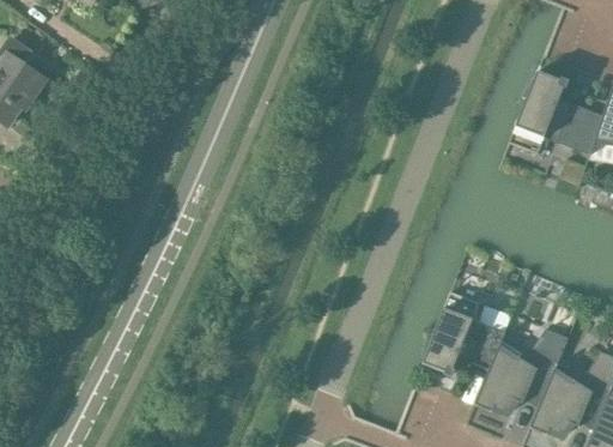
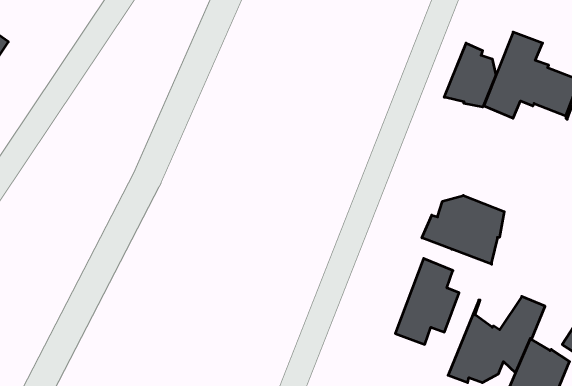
building: none -> [444,43,496,107]
building: none -> [422,195,504,264]

